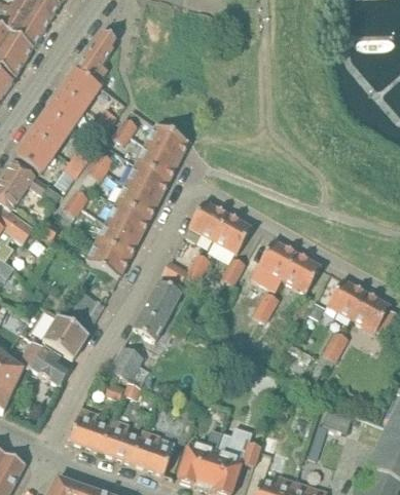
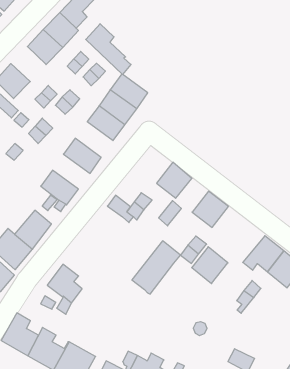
building: none -> [86,24,131,74]
building: [31,112,74,150] -> none
building: [115,184,157,221] -> none
building: [184,200,227,241] -> none
building: [96,224,138,260] -> none
building: [282,253,321,293] -> [192,247,228,284]
building: [132,280,181,341] -> [132,241,181,294]

